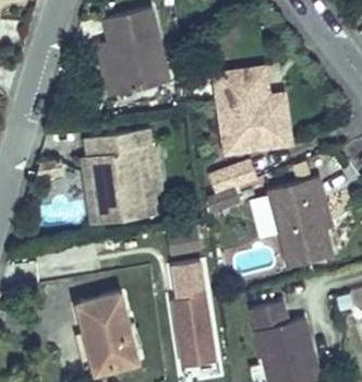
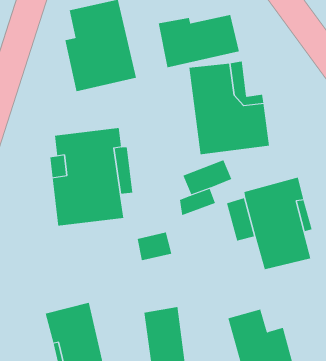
building: none -> [158,14,239,68]
building: [166,260,210,303] -> none

